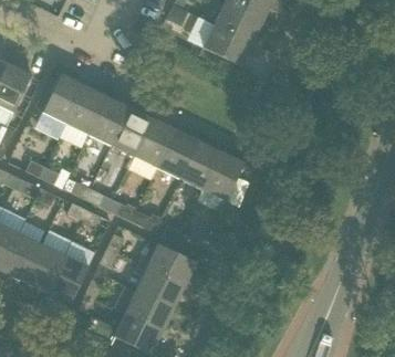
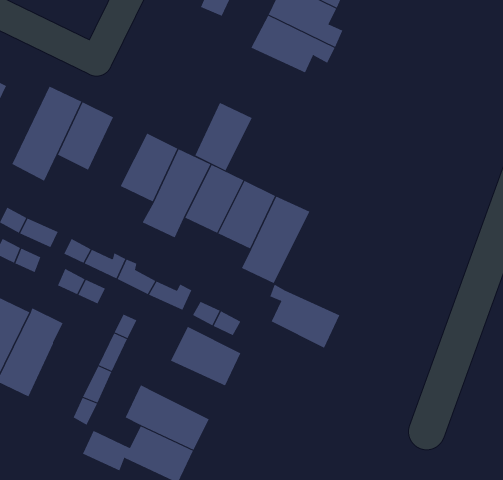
building: [89,96,129,145] -> [194,102,253,171]
building: [46,255,89,304] -> none
building: [135,263,185,308] -> [269,284,340,348]

